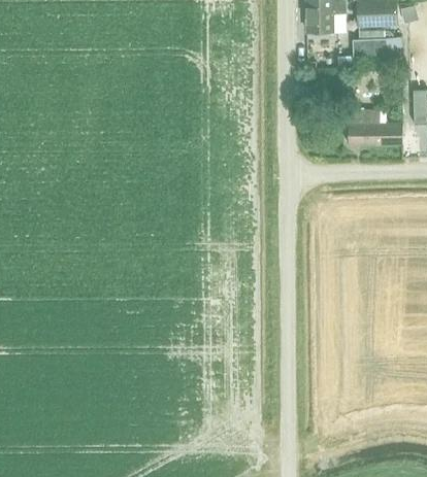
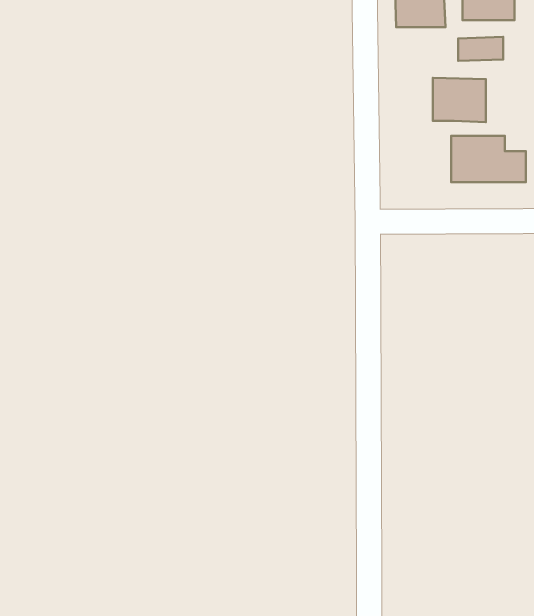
building: none -> [433,78,486,122]

